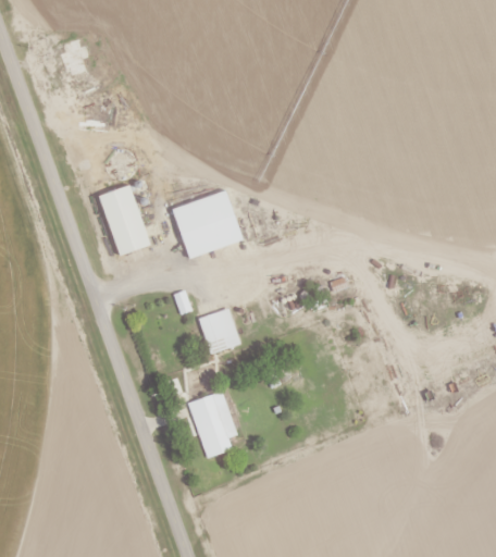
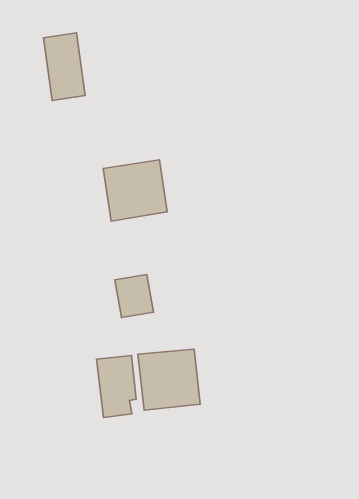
building: [99,183,149,255] -> [44,33,85,101]
building: none -> [138,349,200,410]

